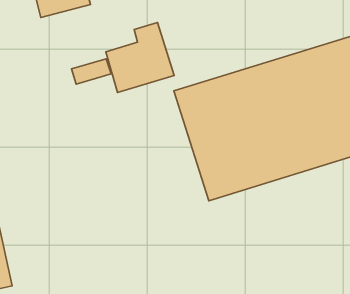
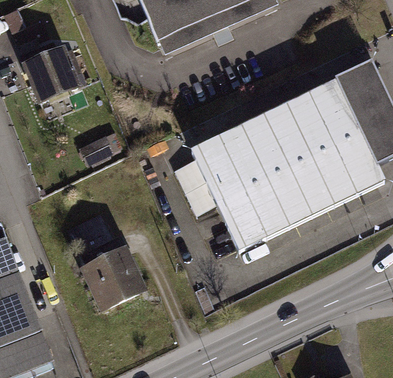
building: [106,23,174,92] -> none
building: none -> [70,213,143,308]

